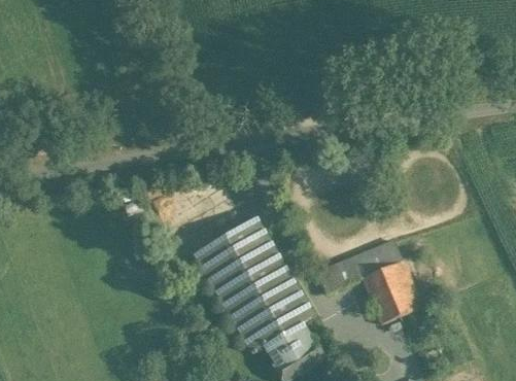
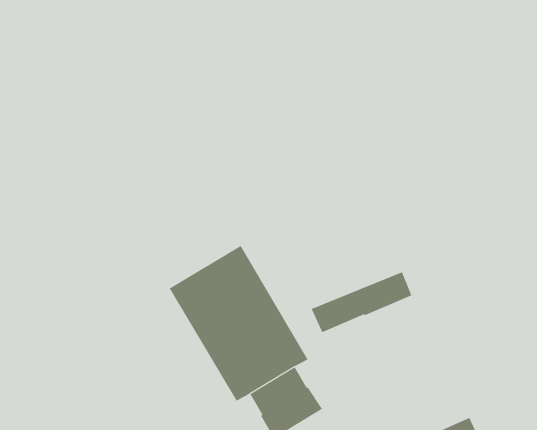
building: [362,261,421,323] -> none

